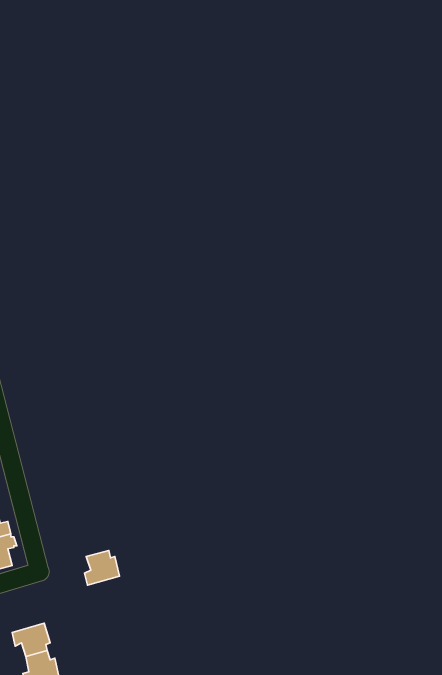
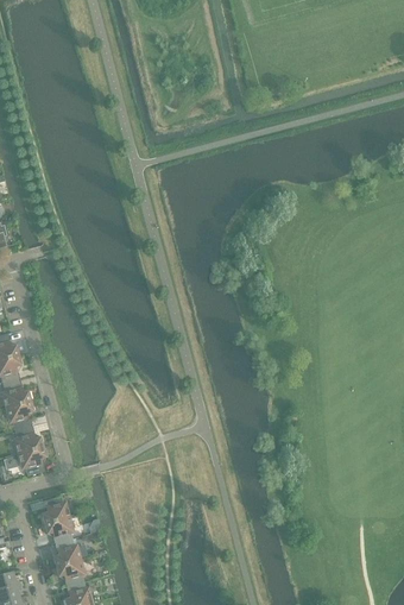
building: [85,550,120,585] -> [42,496,69,523]

